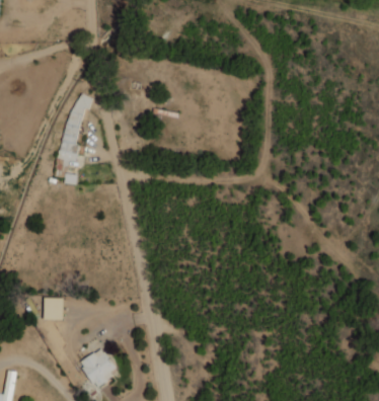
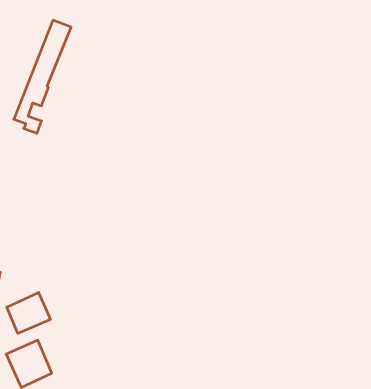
building: none -> [7,292,50,333]

